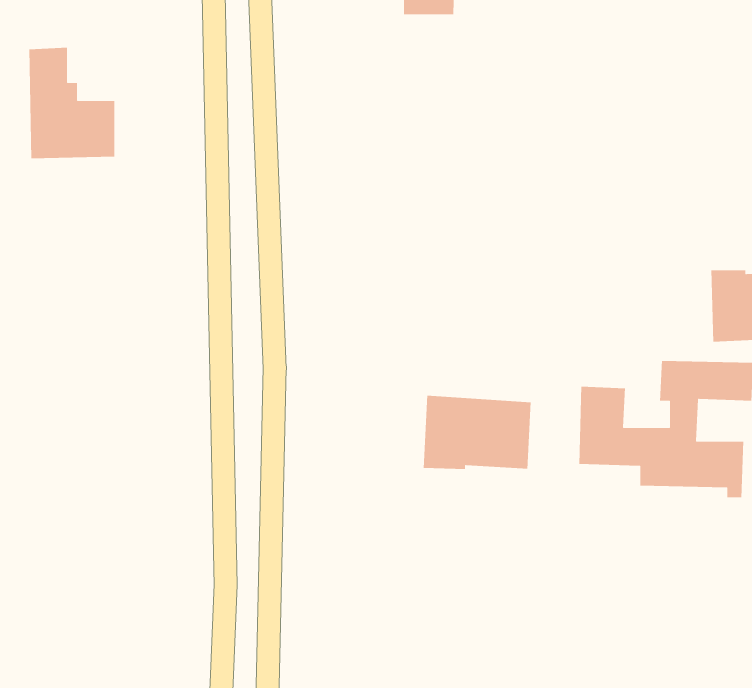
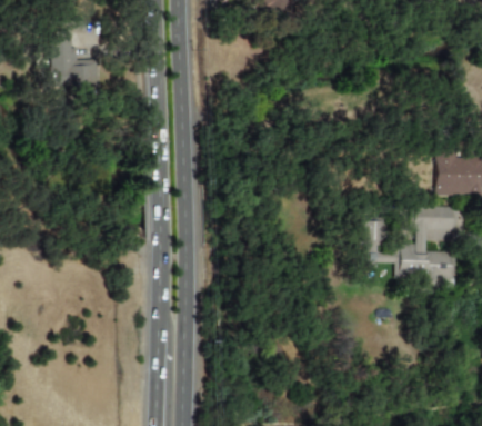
building: [423,395,532,470] -> none

